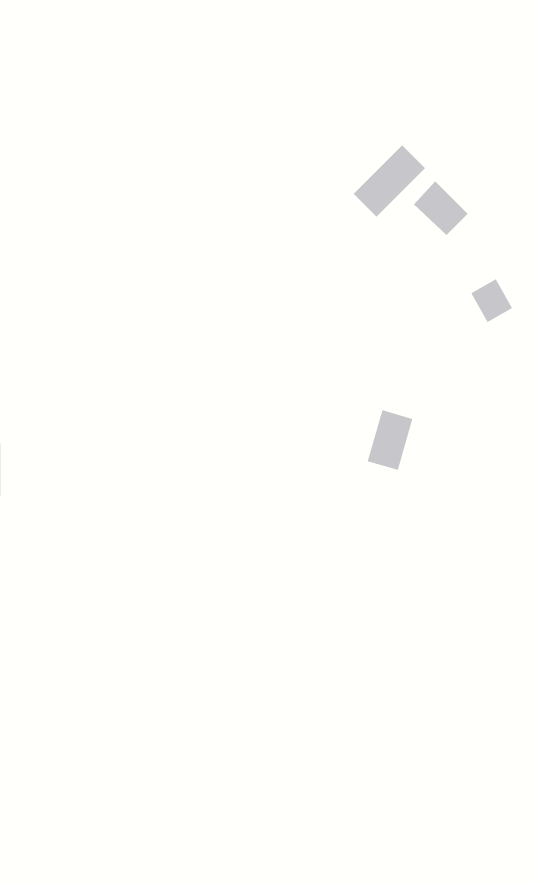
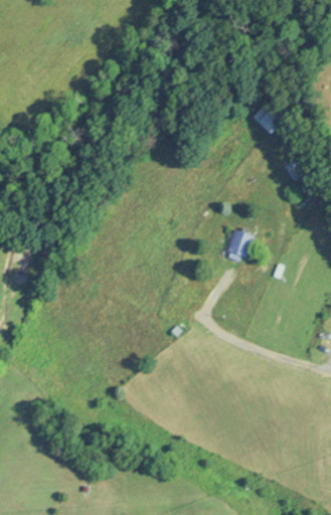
building: [353,145,426,217] -> none

